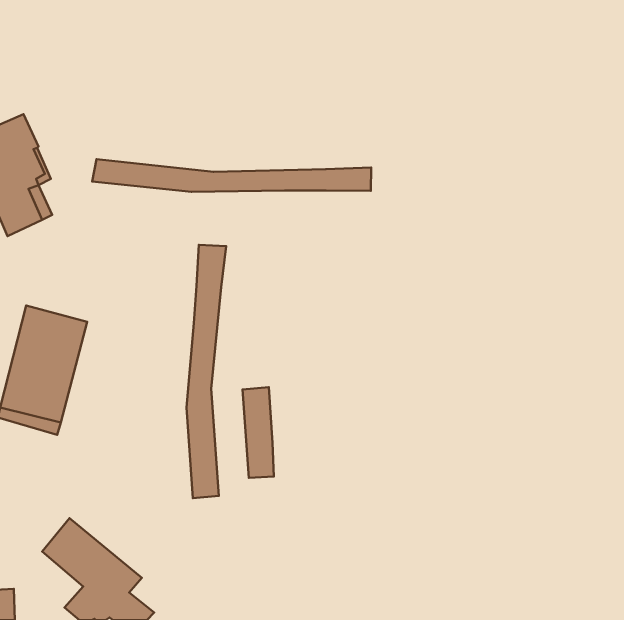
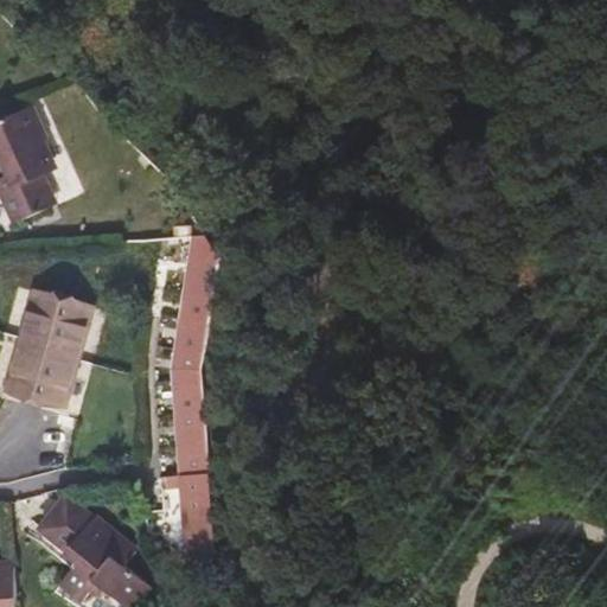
building: [92,159,371,192] -> none
building: [243,387,274,478] -> [184,473,213,560]

